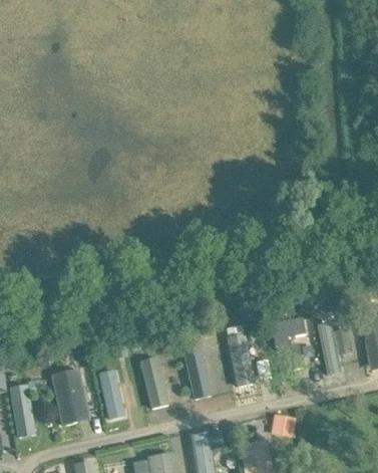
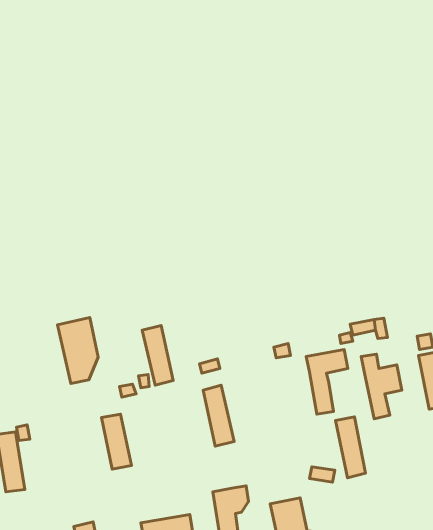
building: [229,334,254,386] -> [335,417,365,478]
building: [141,358,167,408] -> [142,325,173,385]
building: [52,369,86,424] -> [58,318,98,383]

